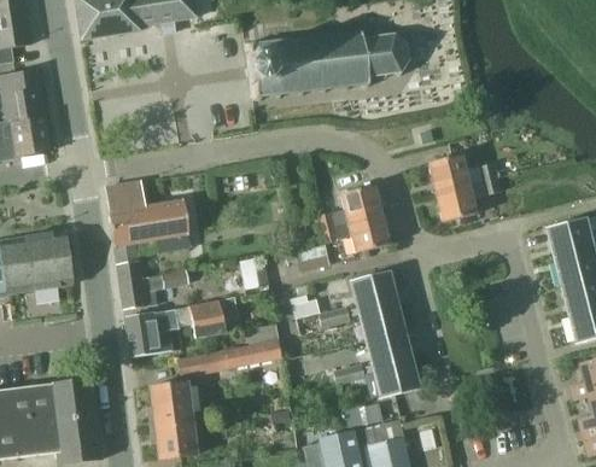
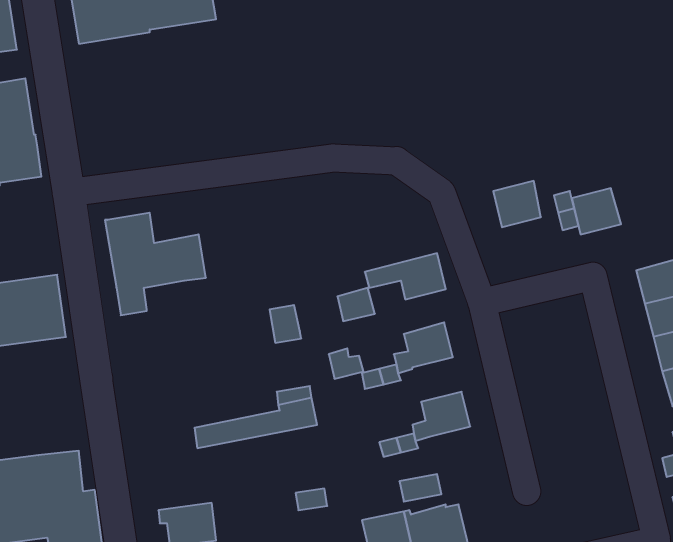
building: [249,27,413,99] -> none
building: [436,183,477,222] -> [572,188,621,234]
building: [317,185,381,229] -> none
building: [117,262,188,309] -> none
building: [124,298,240,357] -> none
building: [361,300,402,338] -> none
building: [375,358,416,396] -> none
building: [145,379,193,428] -> none

